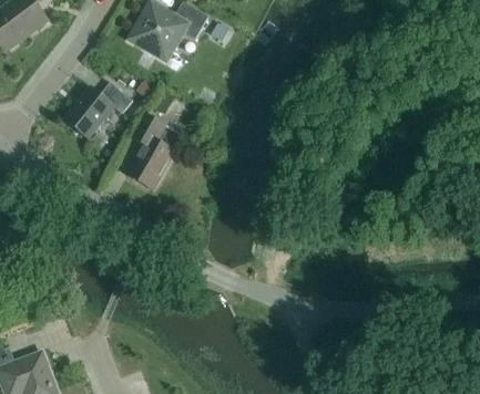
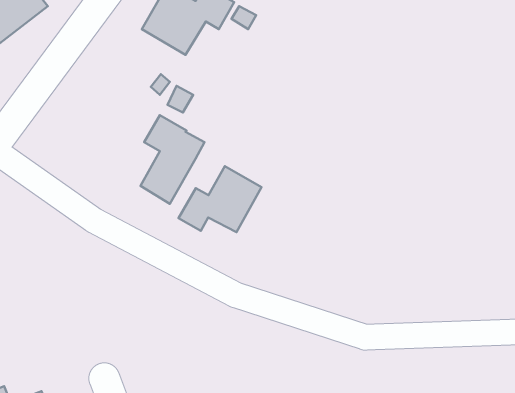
building: [63,82,132,138] -> none
building: none -> [179,166,262,232]

